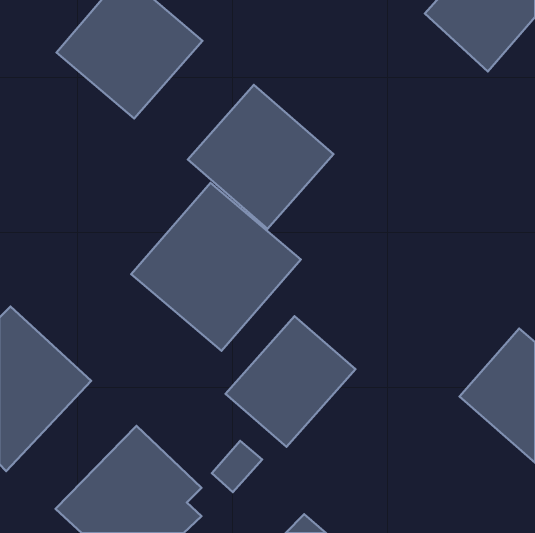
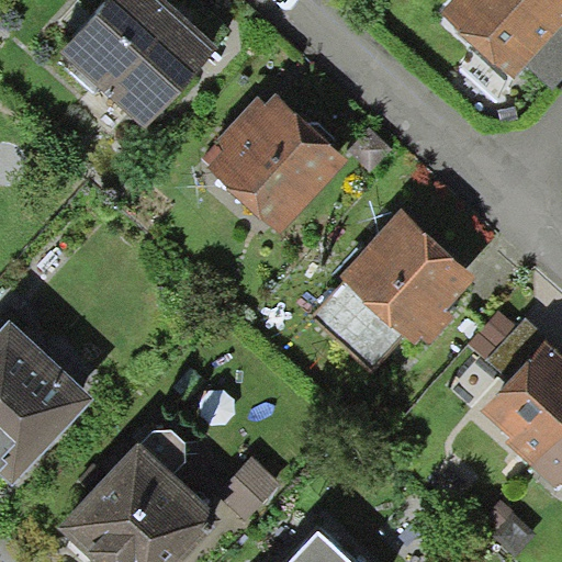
building: [131,183,301,351] -> none
building: none -> [335,207,479,350]
building: [226,316,356,447] -> none

